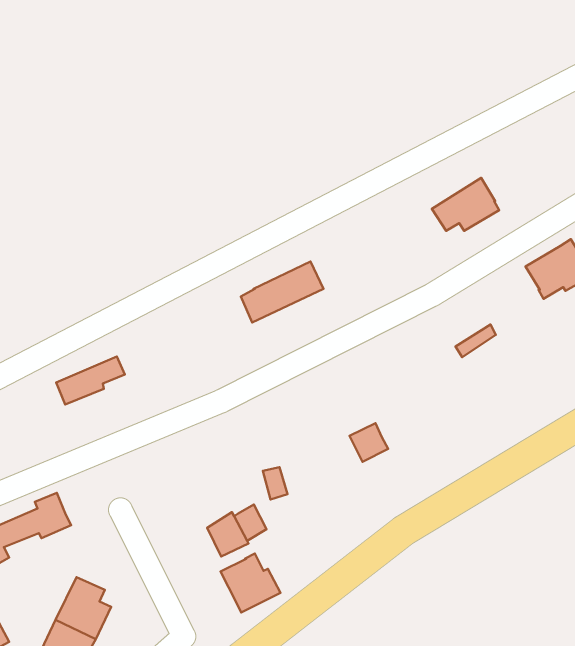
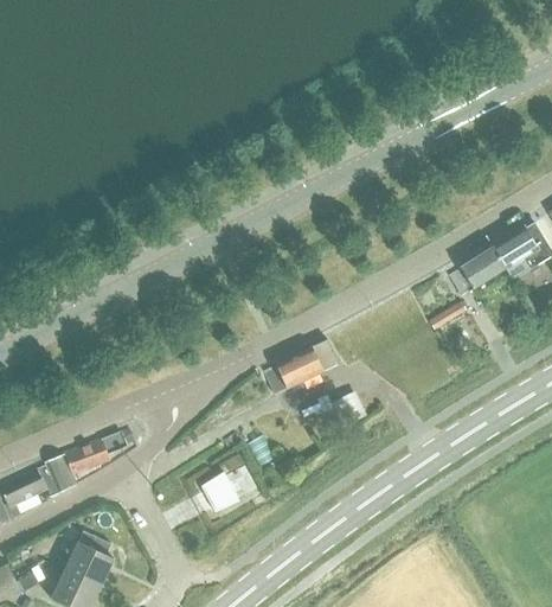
building: [432,178,499,231] -> [448,245,509,294]
building: [241,262,324,322] -> [263,338,339,394]
building: [56,356,125,404] -> [64,429,127,473]
building: [221,553,281,613] -> none

